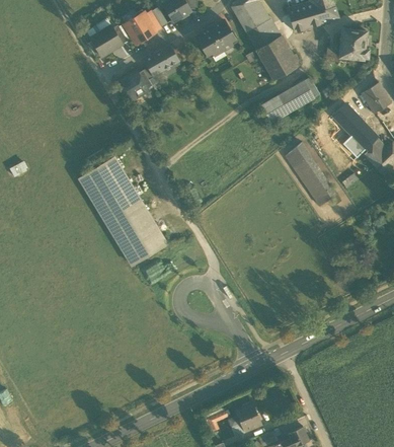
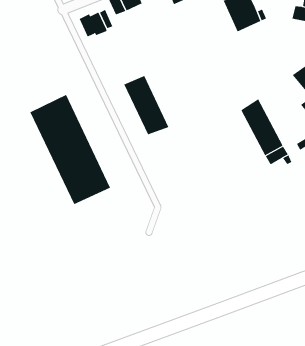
building: [261,80,315,123] -> none
building: none -> [124,75,169,135]

